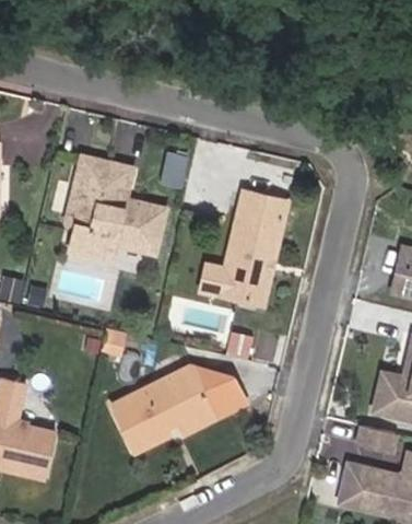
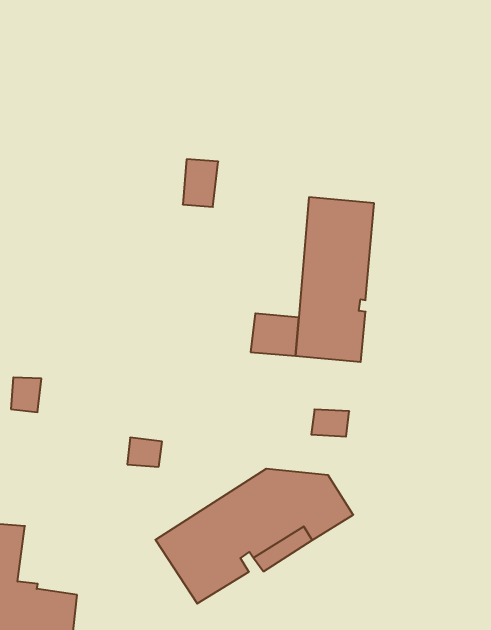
building: [66,158,163,260] -> none

